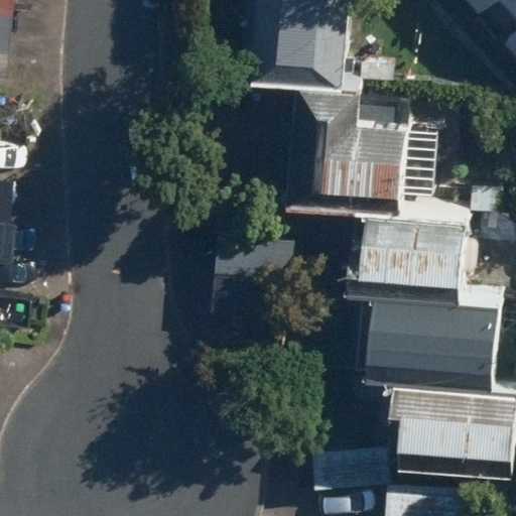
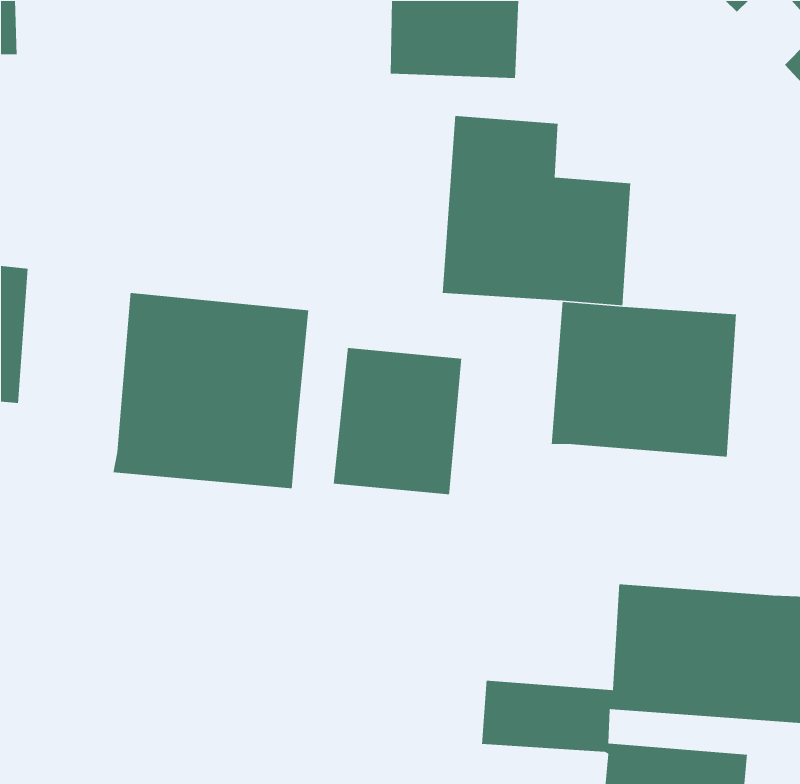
building: none -> [113,292,309,489]
building: [363,298,504,394] -> none

